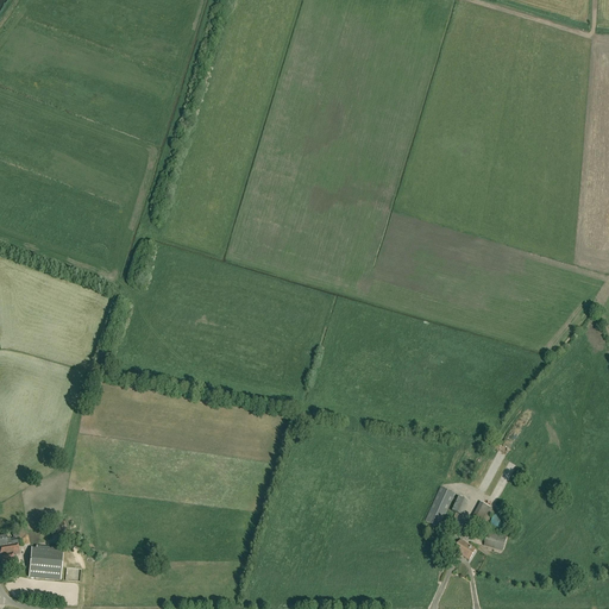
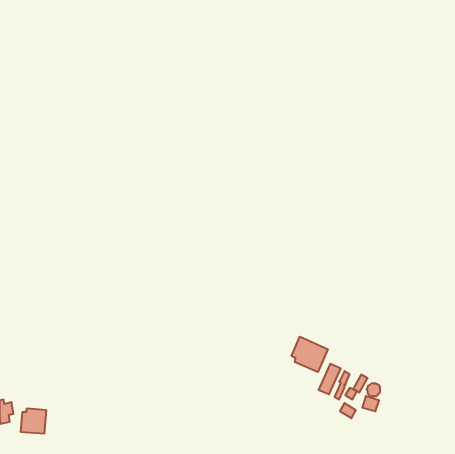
building: none -> [292,337,328,372]

